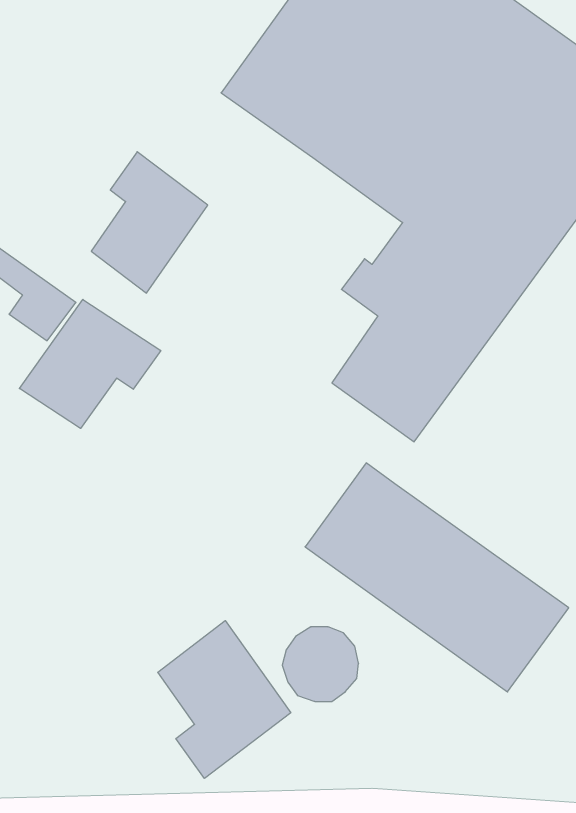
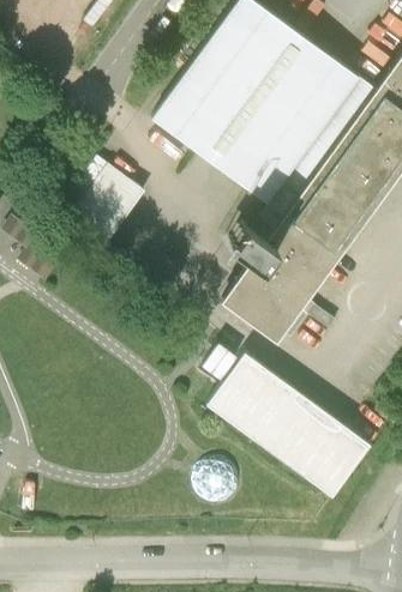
building: [19,299,161,428] -> none
building: [158,621,291,778] -> none

